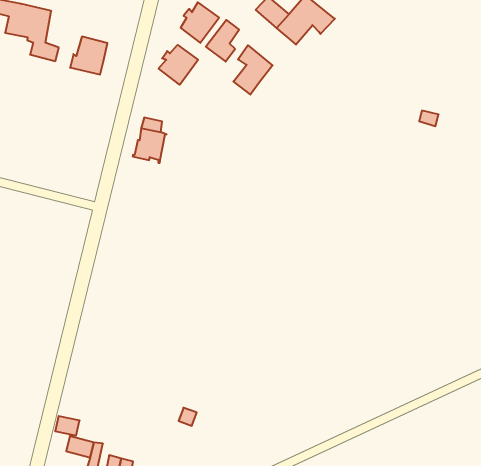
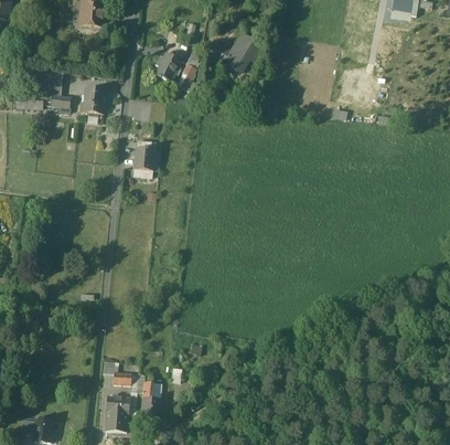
building: [159,45,198,85] -> none
building: [233,45,273,95] -> none

